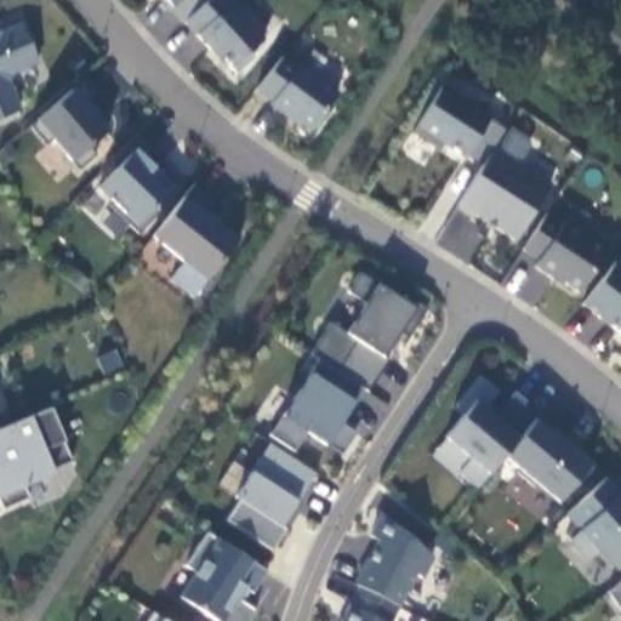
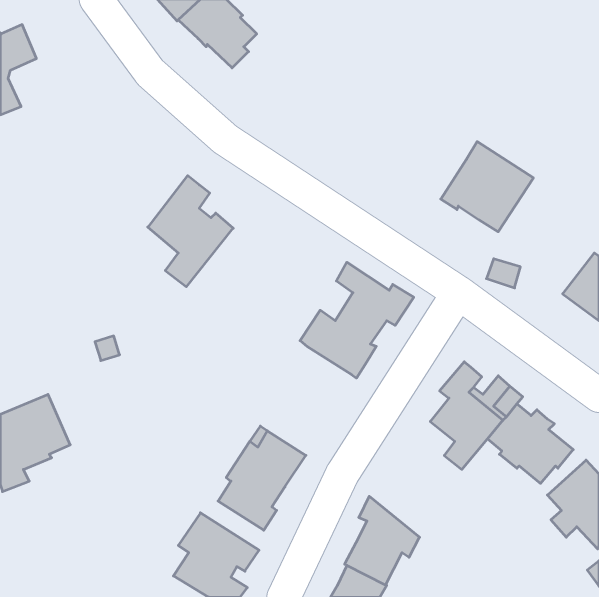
building: [256,56,337,130] -> none
building: [30,78,107,170] -> none
building: [412,86,505,165] -> none
building: [98,132,178,233] -> none
building: [523,213,608,292] -> none
building: [268,359,364,455] -> none

